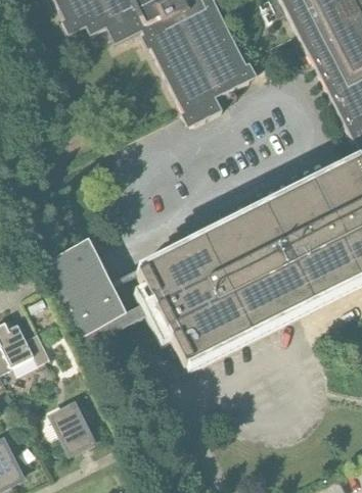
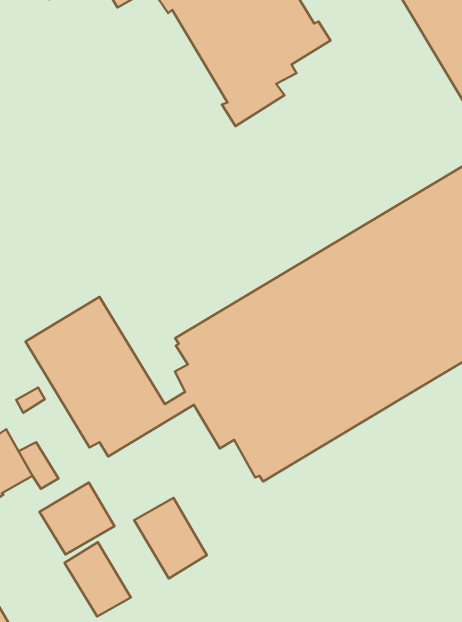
building: none -> [39,482,114,554]
building: none -> [134,498,207,579]

